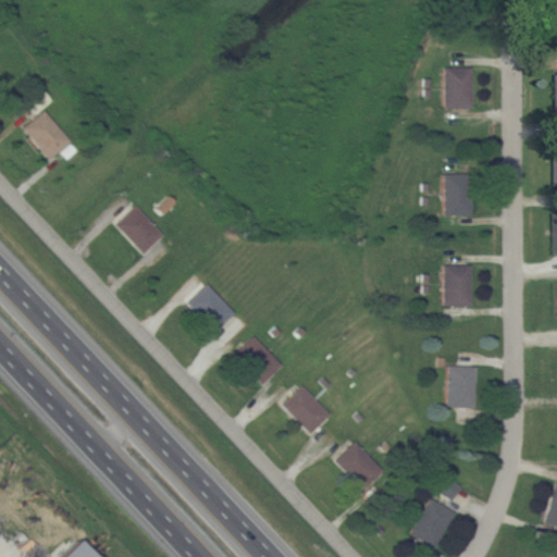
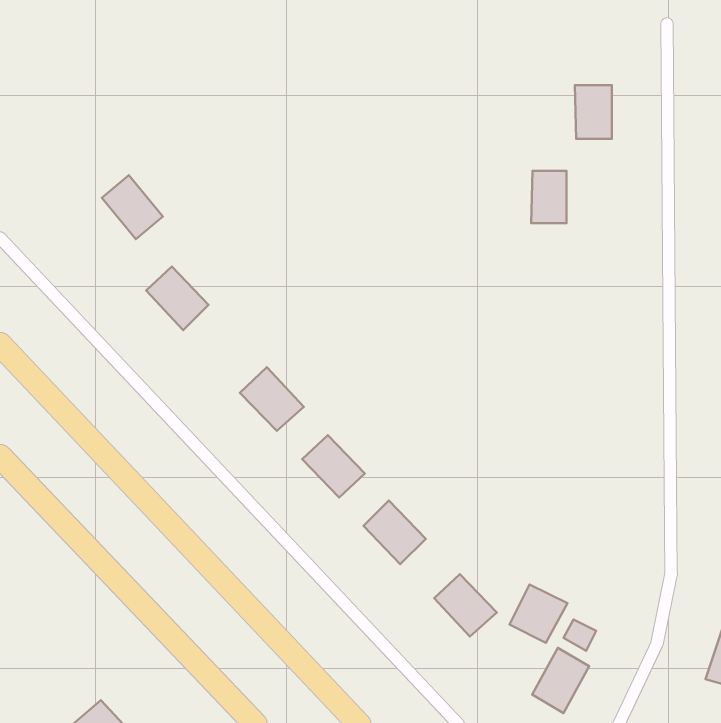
building: [24,110,71,159] -> [102,175,163,239]
building: [444,174,471,214] -> [531,171,567,223]
building: [443,264,472,306] -> none
building: [447,366,476,408] -> none
building: none -> [510,584,568,643]

